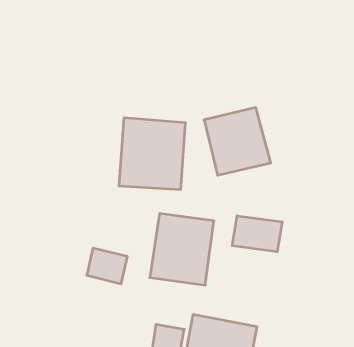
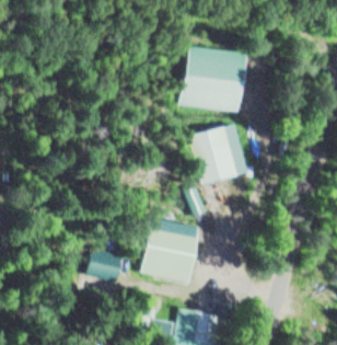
building: [119,118,186,189] -> [184,48,243,112]
building: [232,216,282,252] -> none

